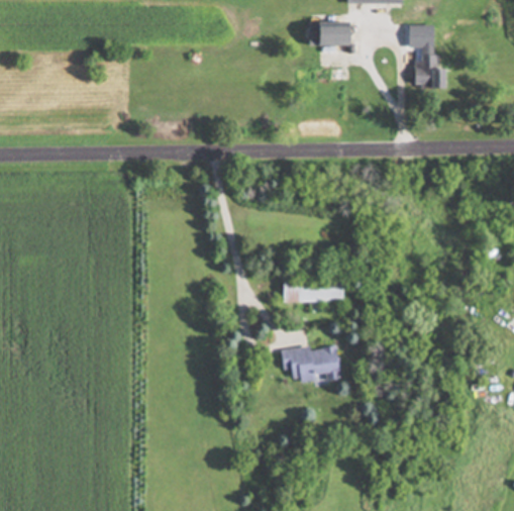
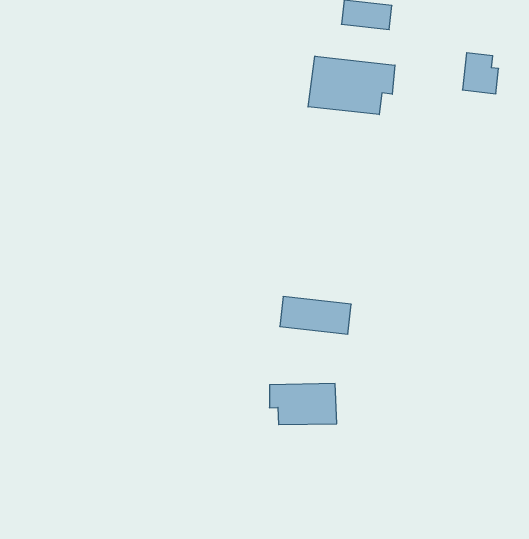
building: [408,25,434,48] -> none
building: none -> [308,56,395,115]

